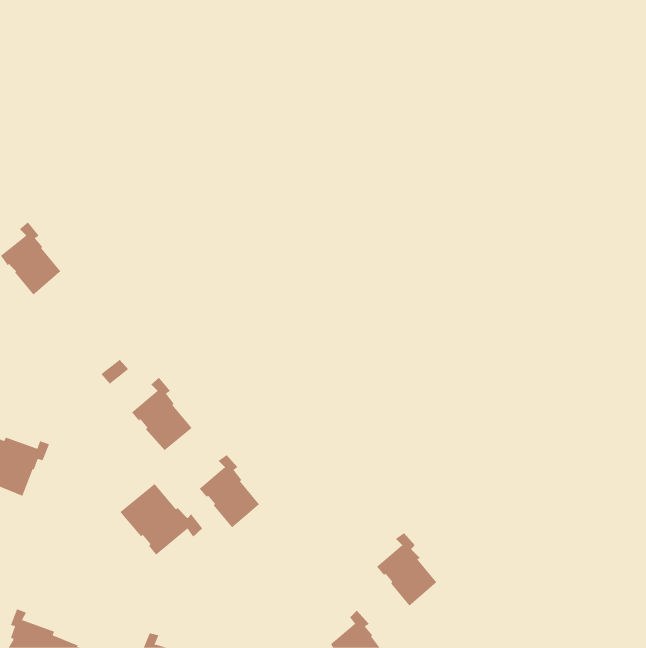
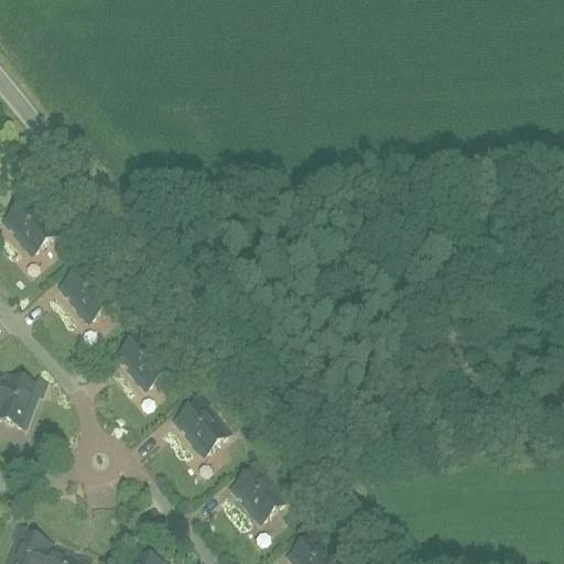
building: none -> [56,259,109,323]
building: [120,483,203,555] -> none
building: [376,533,437,606] -> [228,460,281,524]

